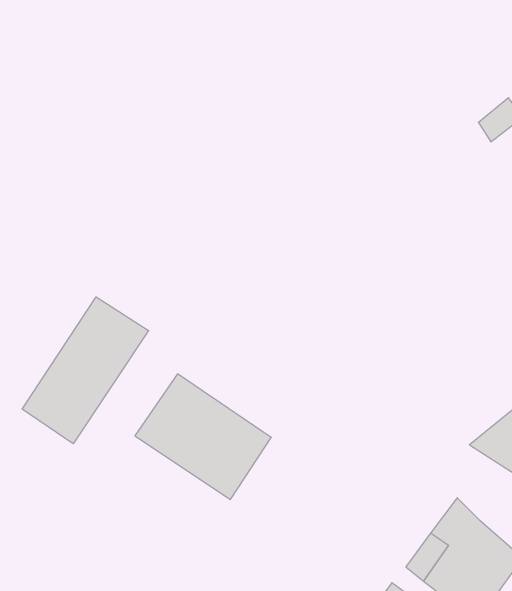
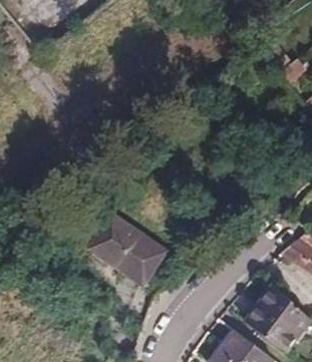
building: [22,297,149,444] -> none

